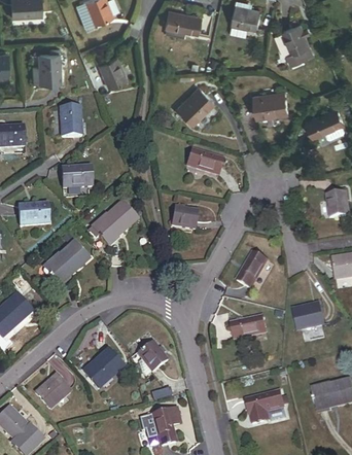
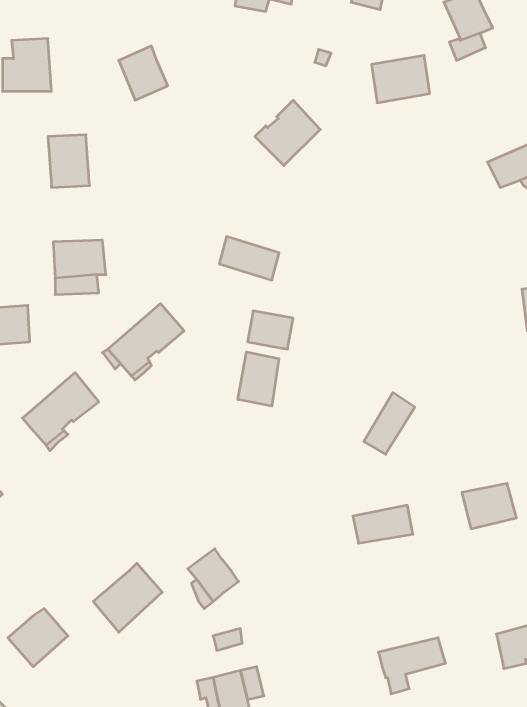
building: [255,91,288,117] -> [372,55,430,103]
building: [188,149,222,174] -> [219,237,279,280]
building: none -> [238,352,279,406]

